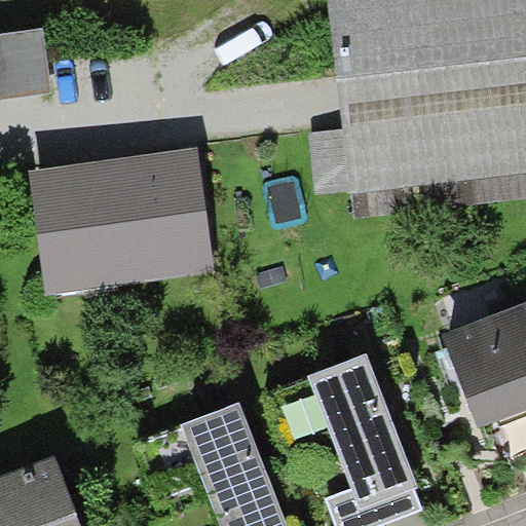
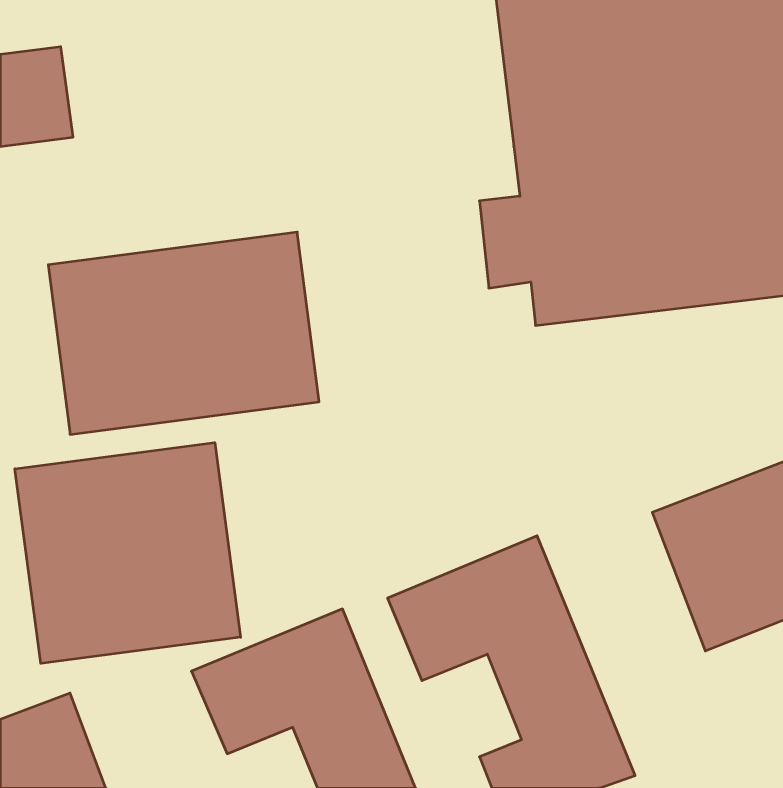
building: none -> [15,443,241,663]

